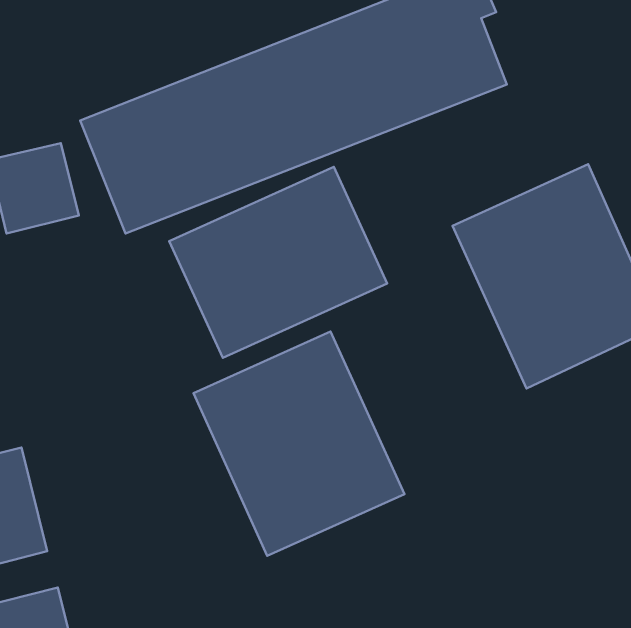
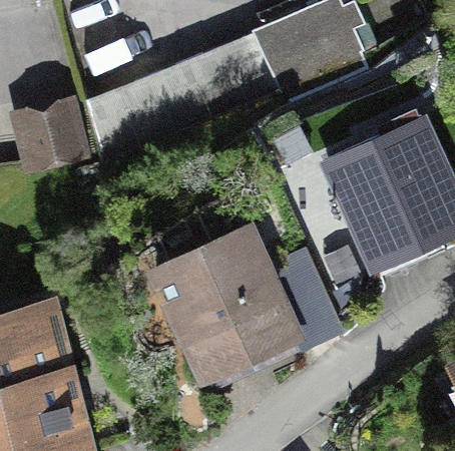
building: [169,167,387,358] -> none

